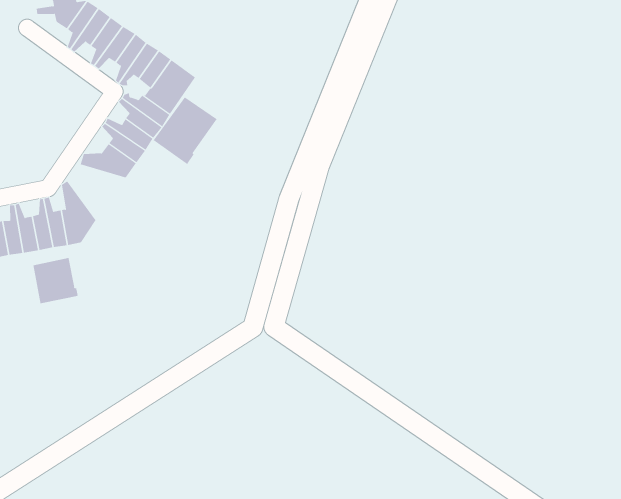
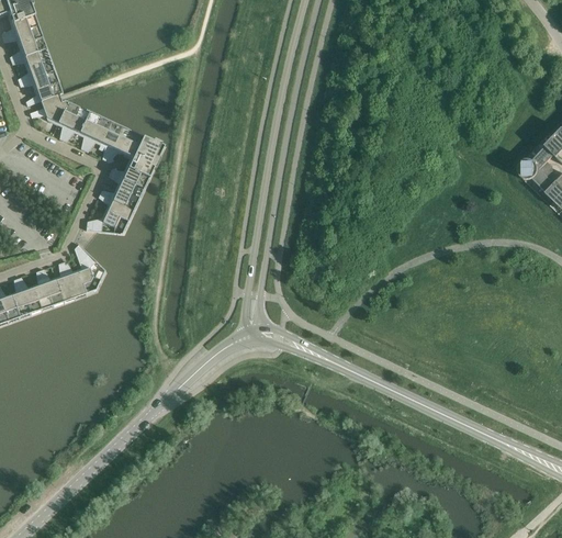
building: [153,97,217,167] -> none
building: [33,257,82,304] -> none

